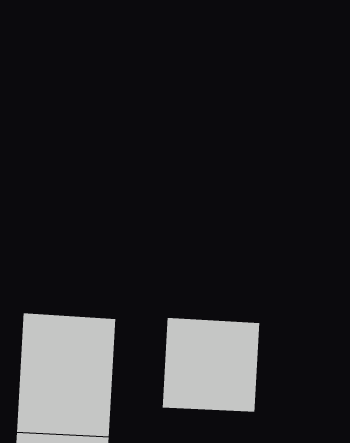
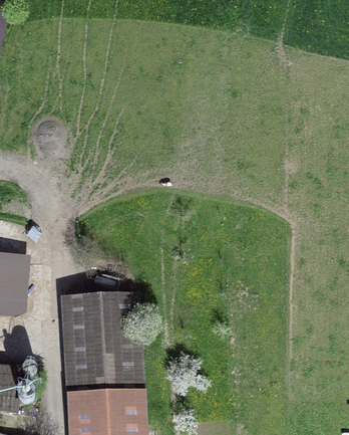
building: [162,317,260,413] -> none

